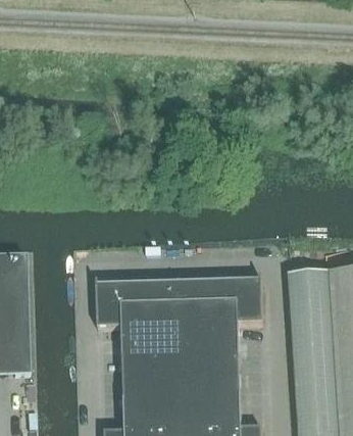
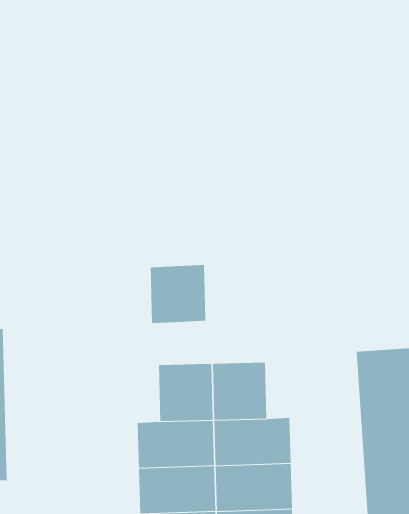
building: [220,277,263,322] -> none
building: [97,281,140,326] -> [150,264,206,324]

